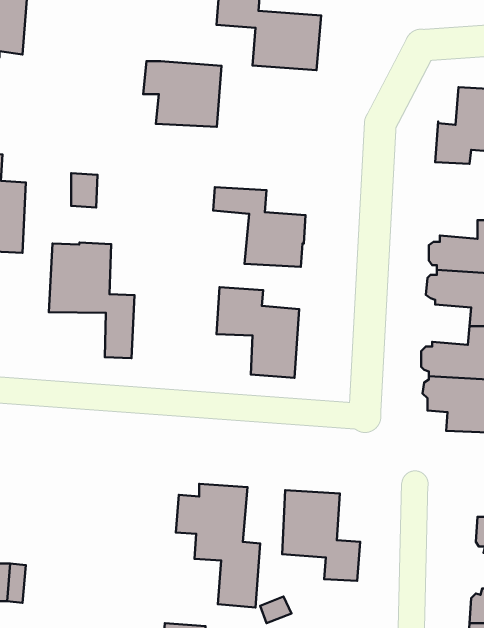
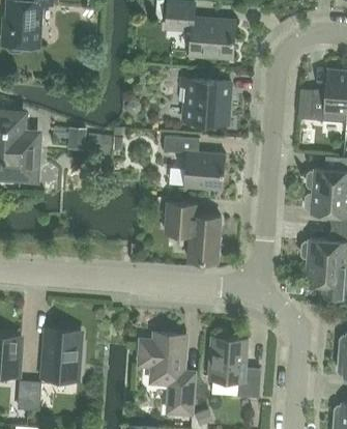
building: [143,61,221,127] -> [179,80,231,123]
building: [49,243,134,358] -> none
building: none -> [41,334,80,382]

